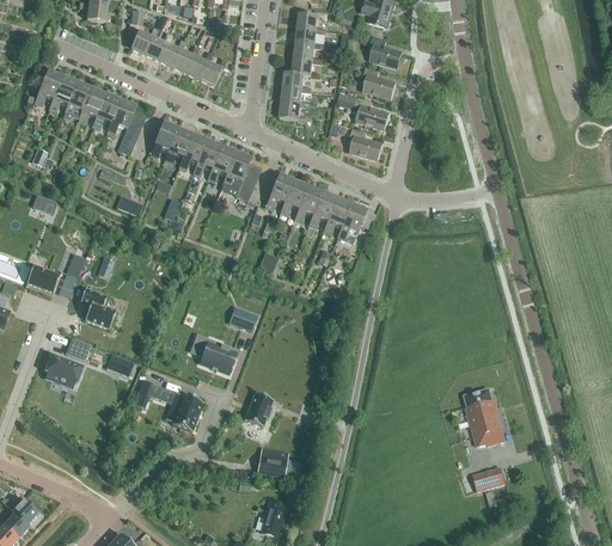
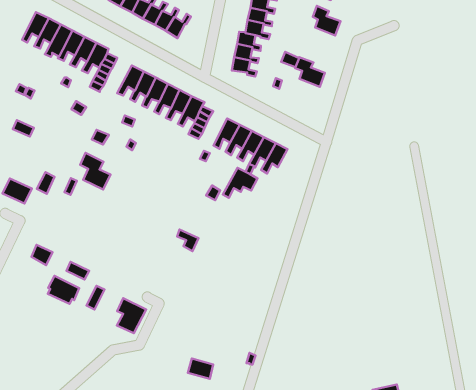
building: [361,67,393,98] -> none
building: [348,128,380,160] -> none
building: [337,204,375,240] -> [223,168,257,198]
building: [80,288,116,329] -> [80,153,111,190]
building: [191,336,235,374] -> none
building: [45,356,81,387] -> [48,276,79,304]
building: [464,388,504,446] -> none
building: [245,393,273,427] -> none

